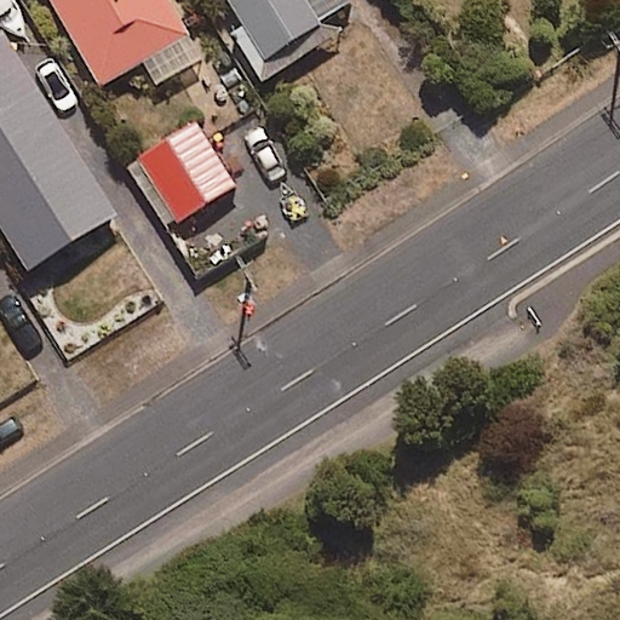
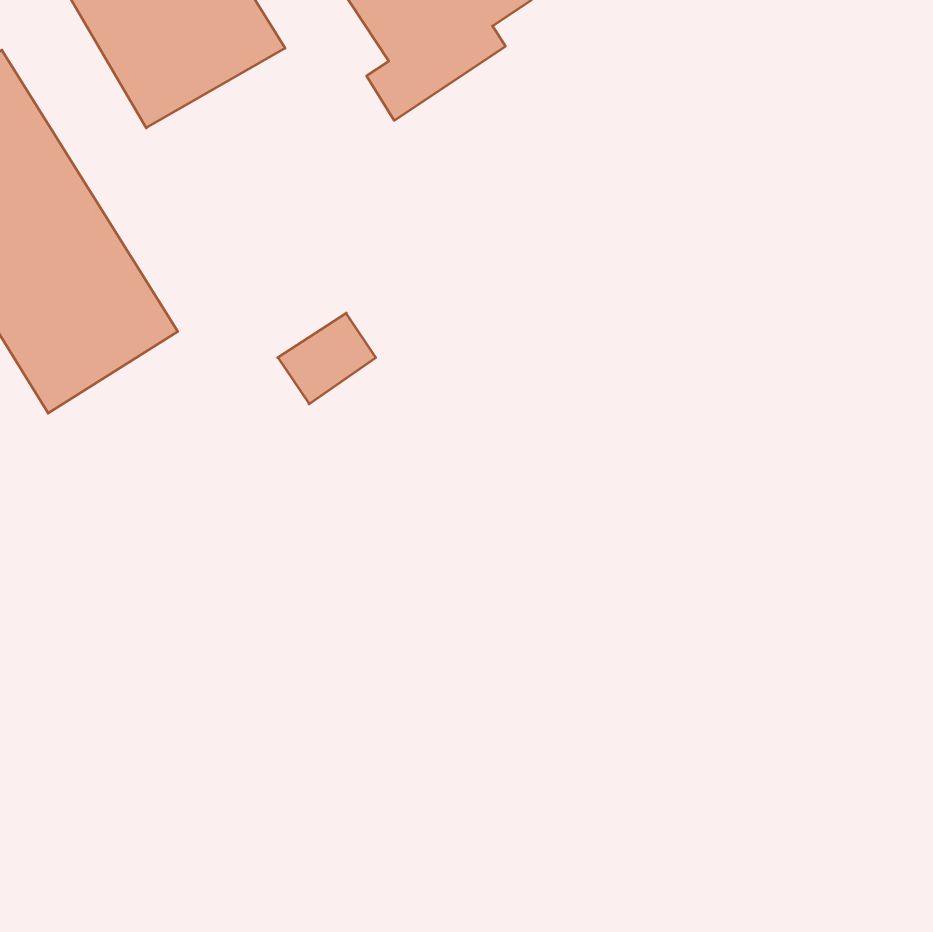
building: [130,119,234,224] -> none

